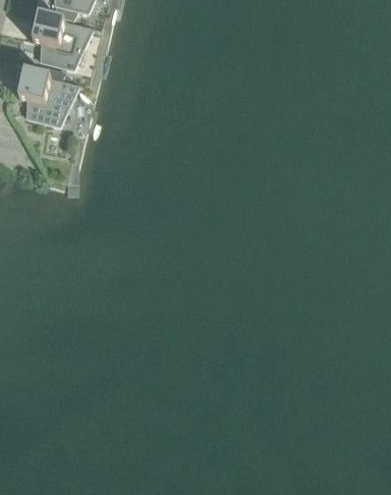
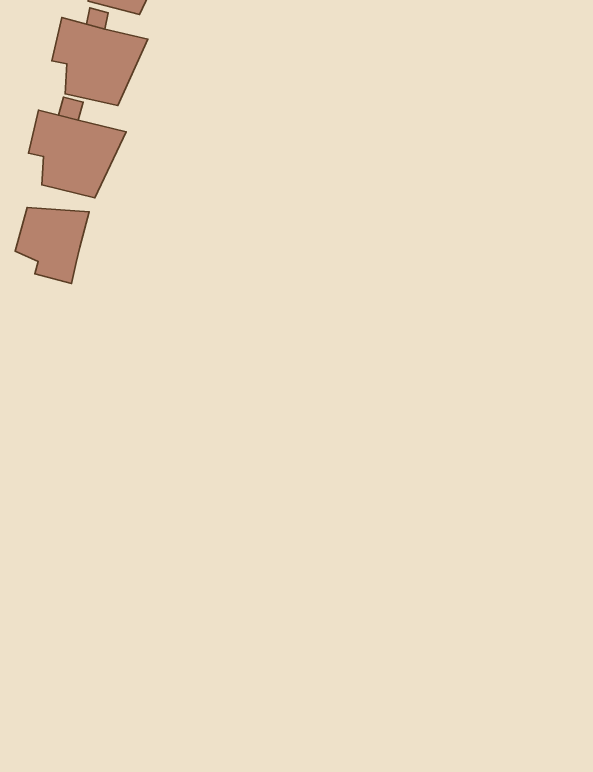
building: none -> [15,208,89,283]

